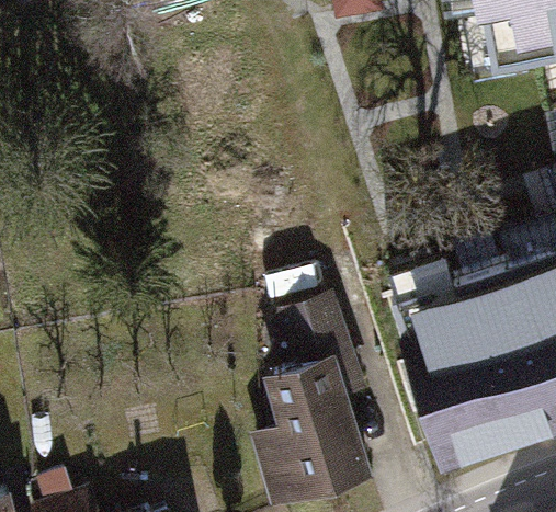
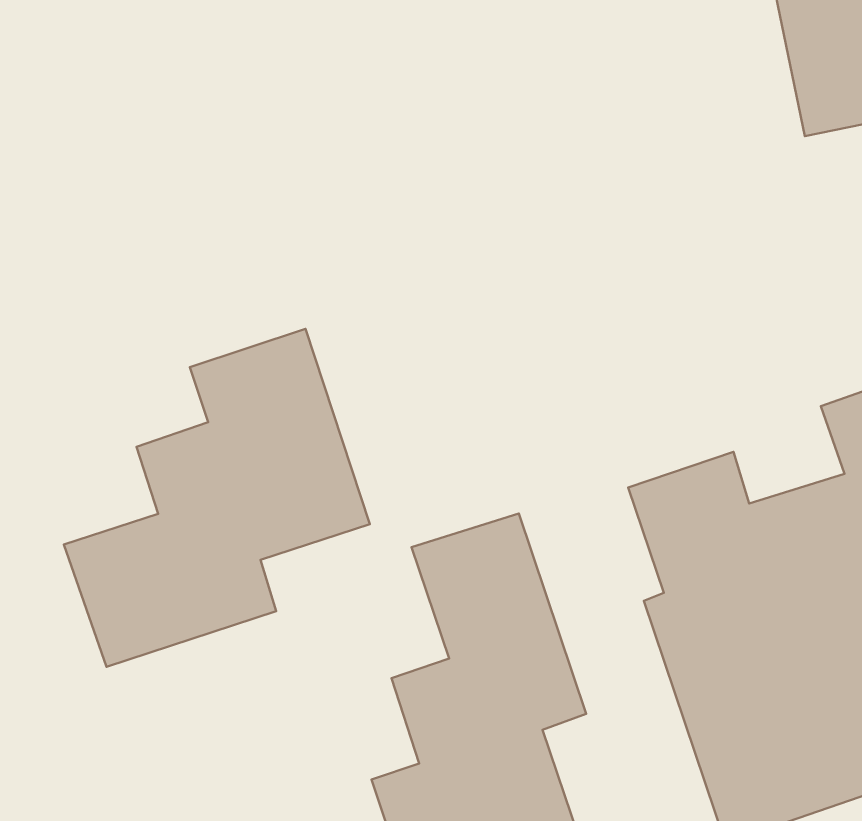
building: none -> [64,329,370,667]

